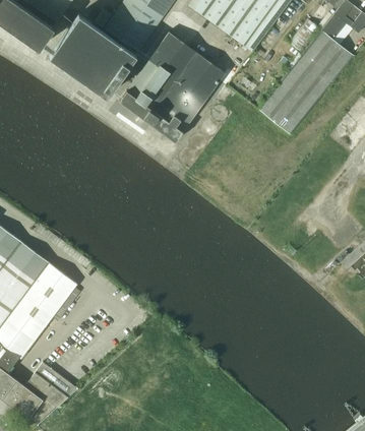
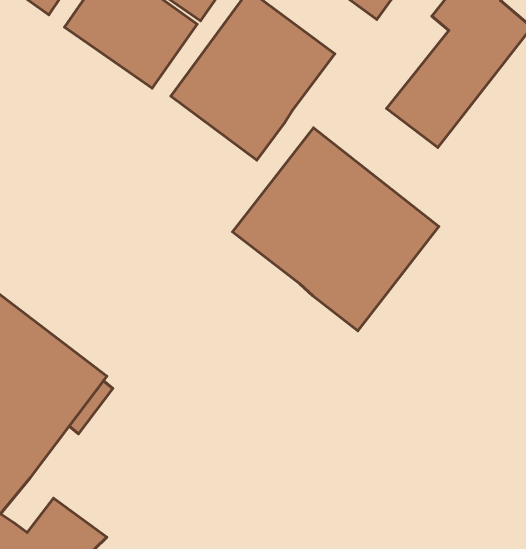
building: none -> [233,128,439,331]

